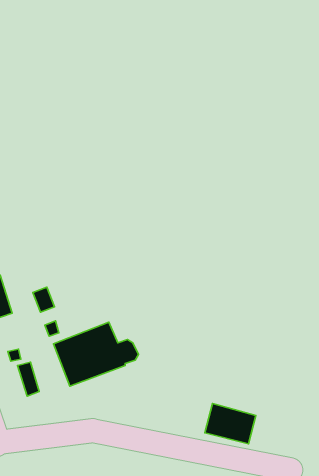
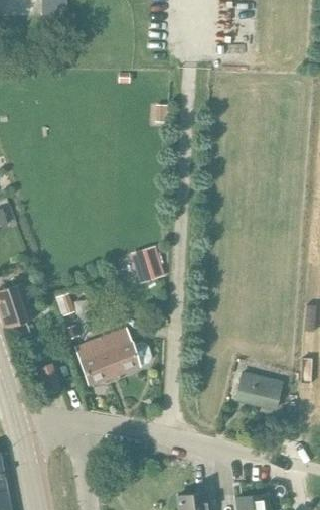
building: none -> [132,245,165,282]
building: [205,404,256,444] -> [234,371,282,408]

